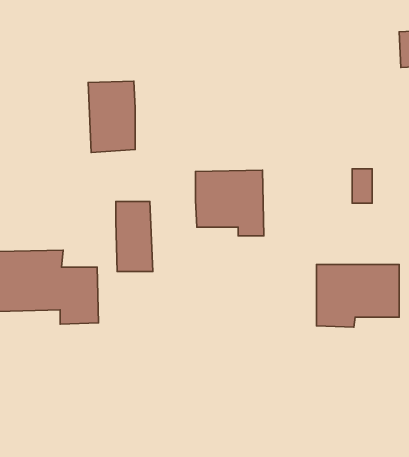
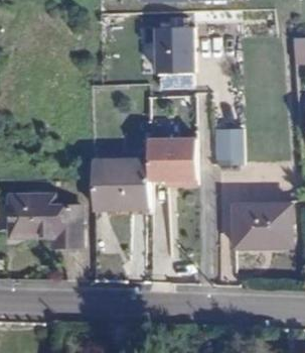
building: none -> [154,26,193,72]
building: [88,81,135,152] -> [115,158,148,209]
building: none -> [212,129,242,161]

